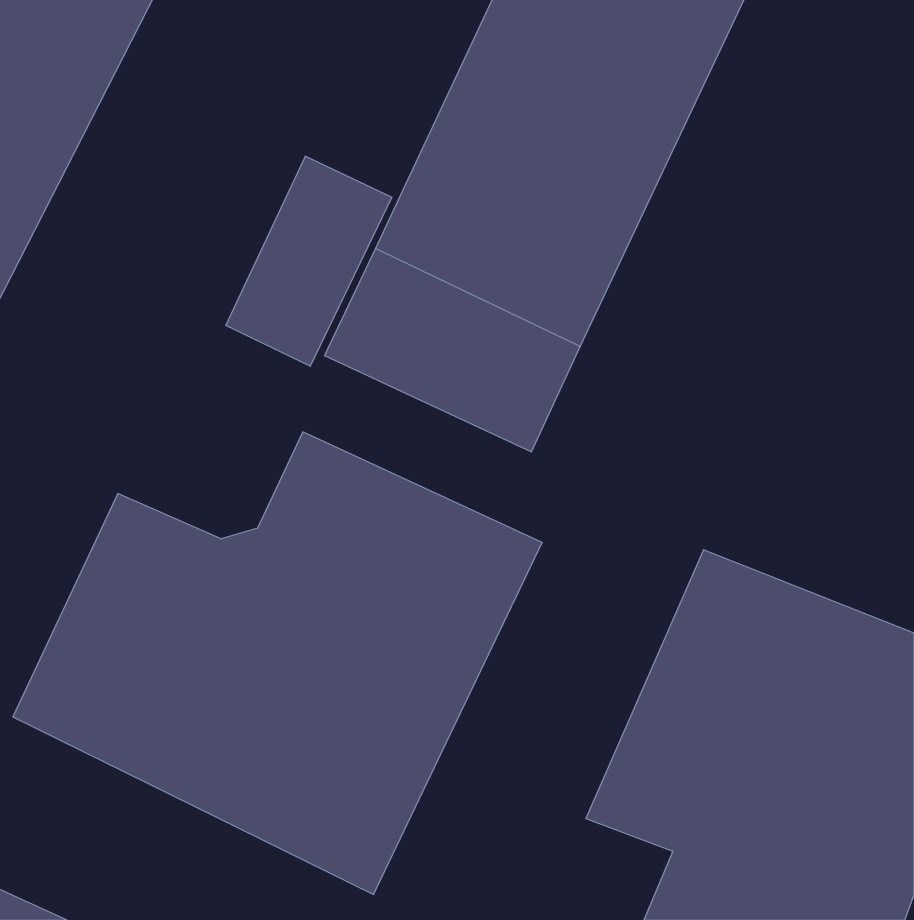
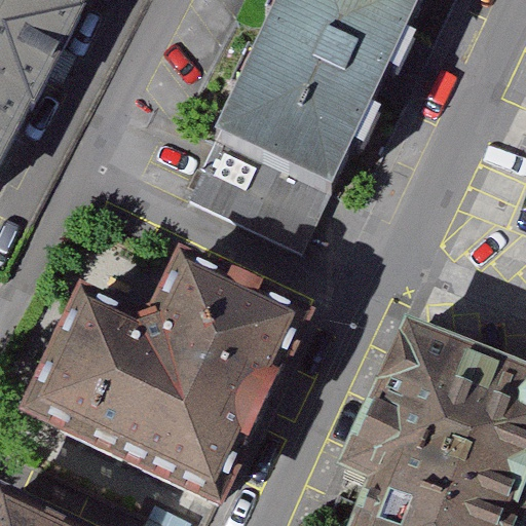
building: [226,156,392,366] -> none

